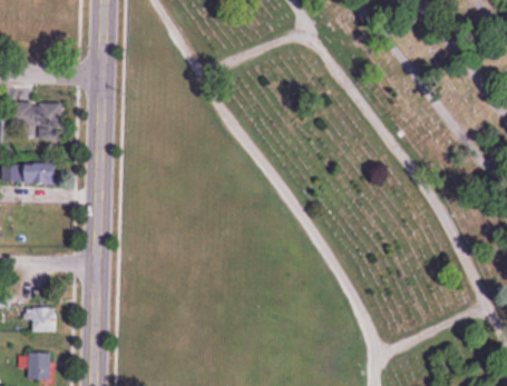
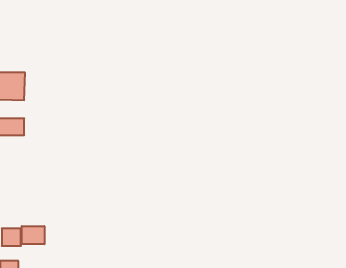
building: none -> [22,226,44,244]

